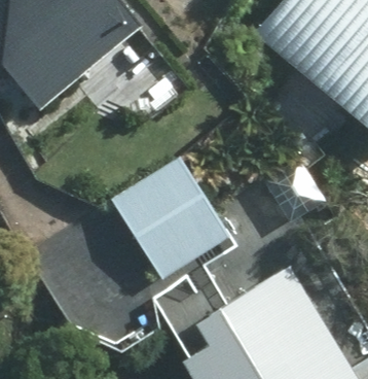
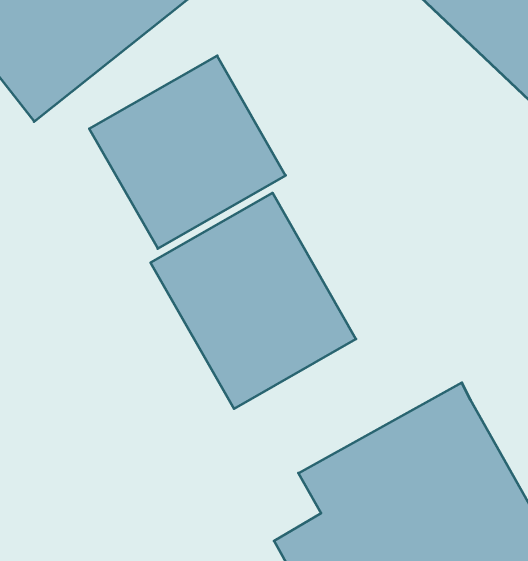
building: none -> [89,56,286,249]

